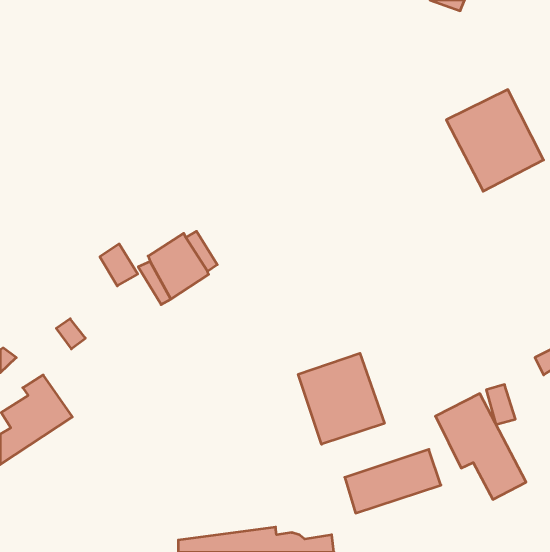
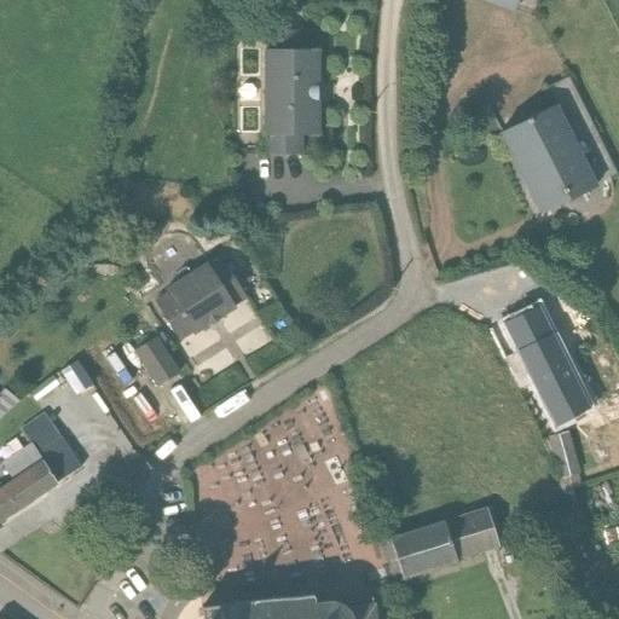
building: none -> [266,51,318,154]
building: [100,244,138,286] -> [139,339,181,386]
building: [298,353,384,444] -> none
building: [435,394,526,499] -> [488,305,590,423]

